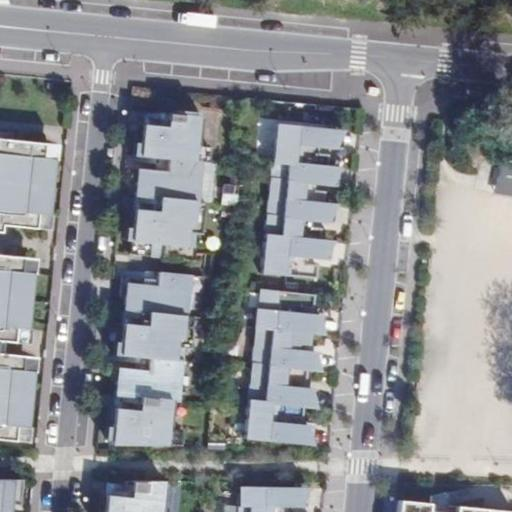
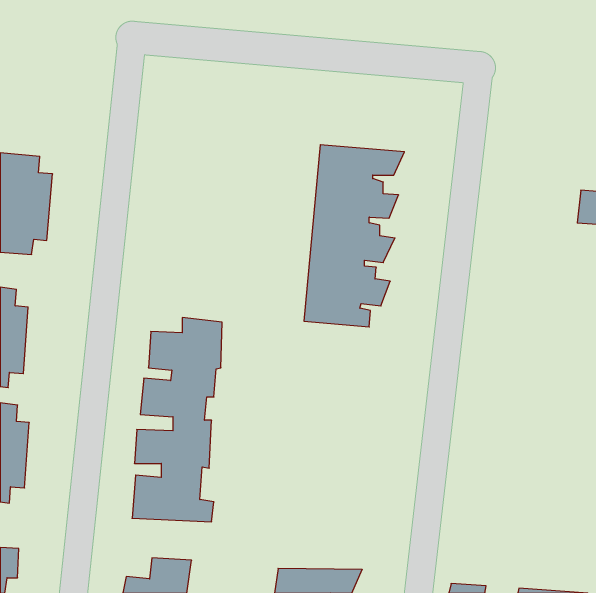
building: [132,112,203,245] -> none
building: [246,289,327,448] -> none

